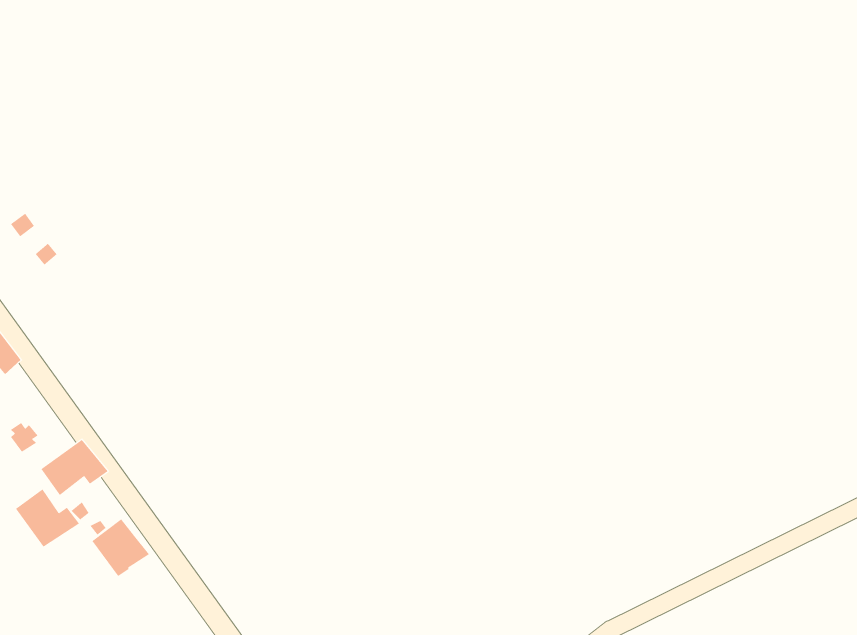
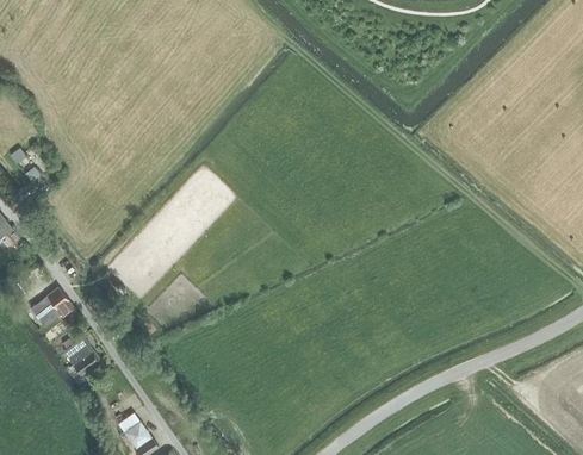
building: [15,488,80,547] -> none

